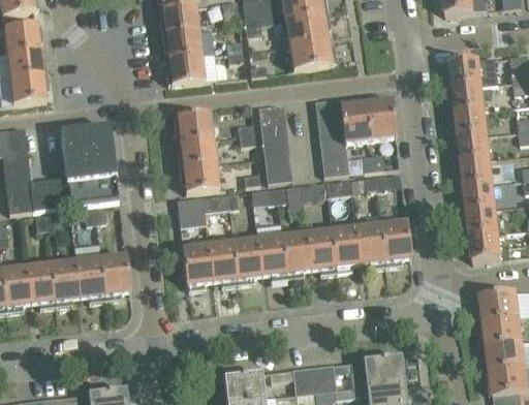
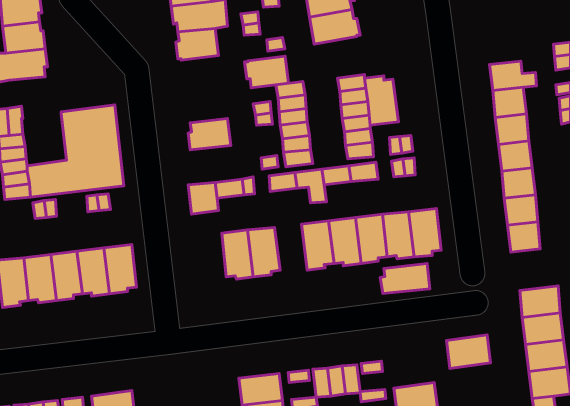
building: [450,57,498,88] -> none
building: [365,95,395,141] -> none
building: [173,113,213,142] -> [245,56,288,88]
building: [179,162,219,191] -> none
building: [256,235,286,279] -> none
building: [182,243,212,289] -> none
building: none -> [380,264,430,293]
building: [363,354,403,385] -> [447,335,490,369]

